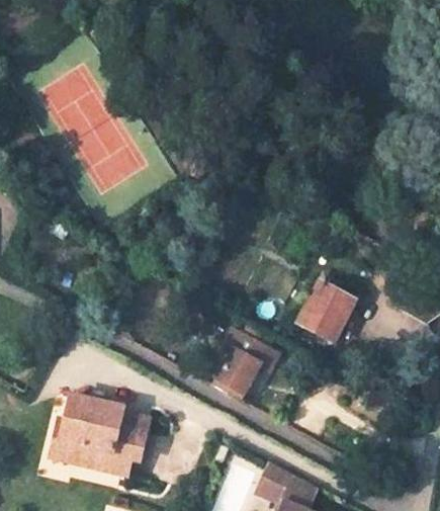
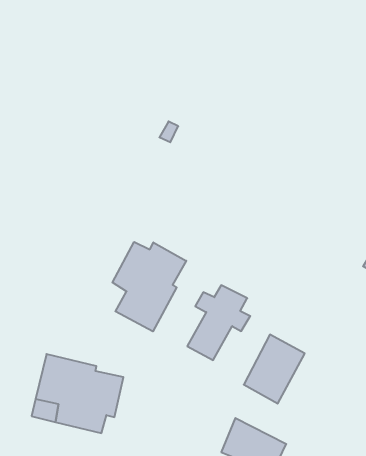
building: [295,272,357,342] -> [244,335,305,404]
building: none -> [112,242,186,331]

